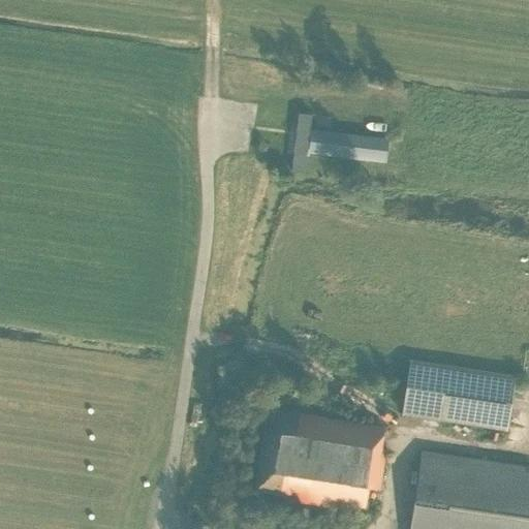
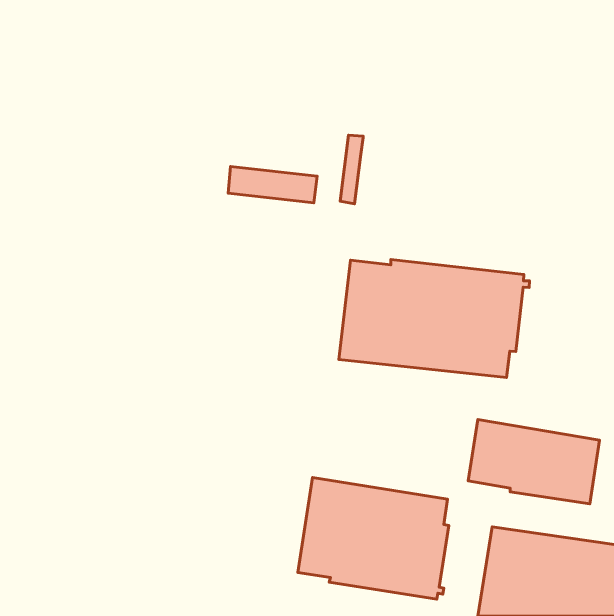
building: [312,131,388,162] -> [228,167,317,203]
building: none -> [339,260,530,378]

